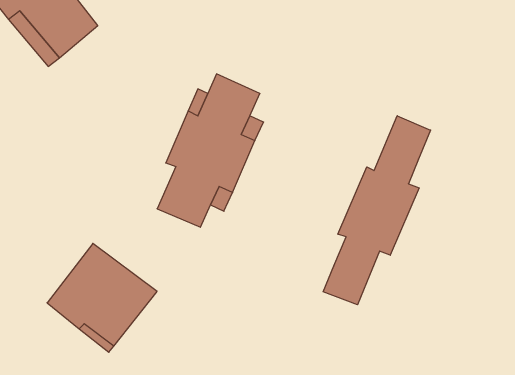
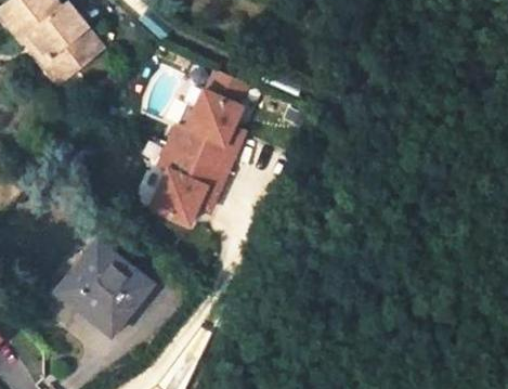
building: none -> [204,68,251,107]
building: [323,116,431,305] -> none

